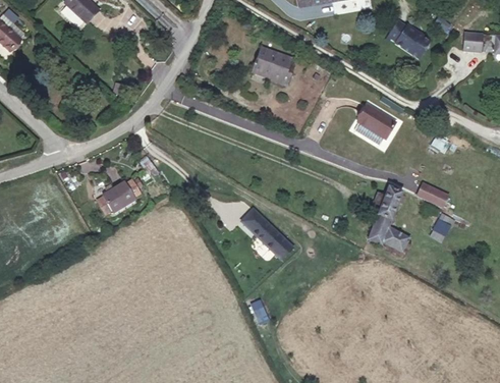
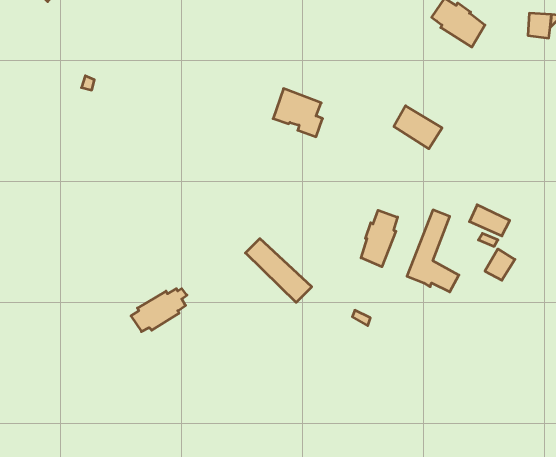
building: [252,47,290,85] -> [273,89,323,137]
building: [97,179,141,213] -> [131,289,187,332]
building: none -> [361,210,398,267]

